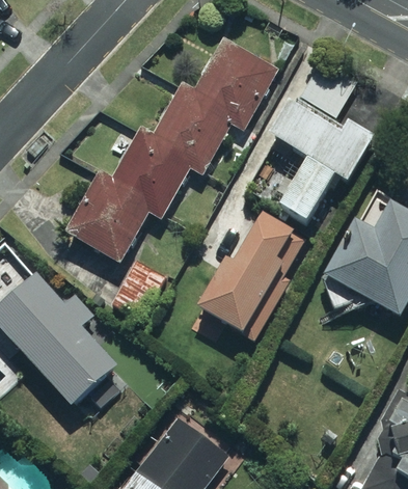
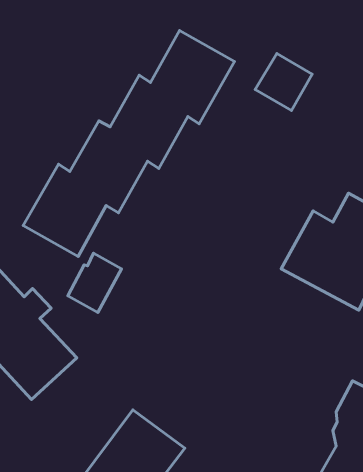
building: [272,102,376,221] -> none
building: [198,214,296,333] -> none

